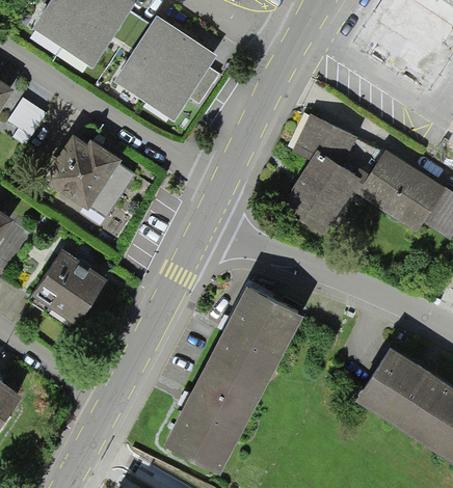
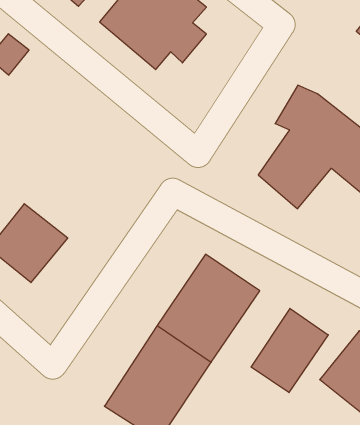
building: [43,137,134,222] -> none
building: none -> [251,308,328,393]

